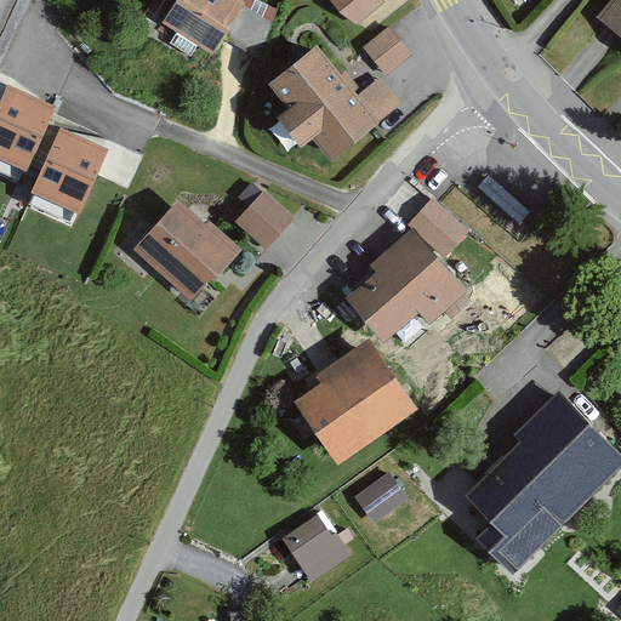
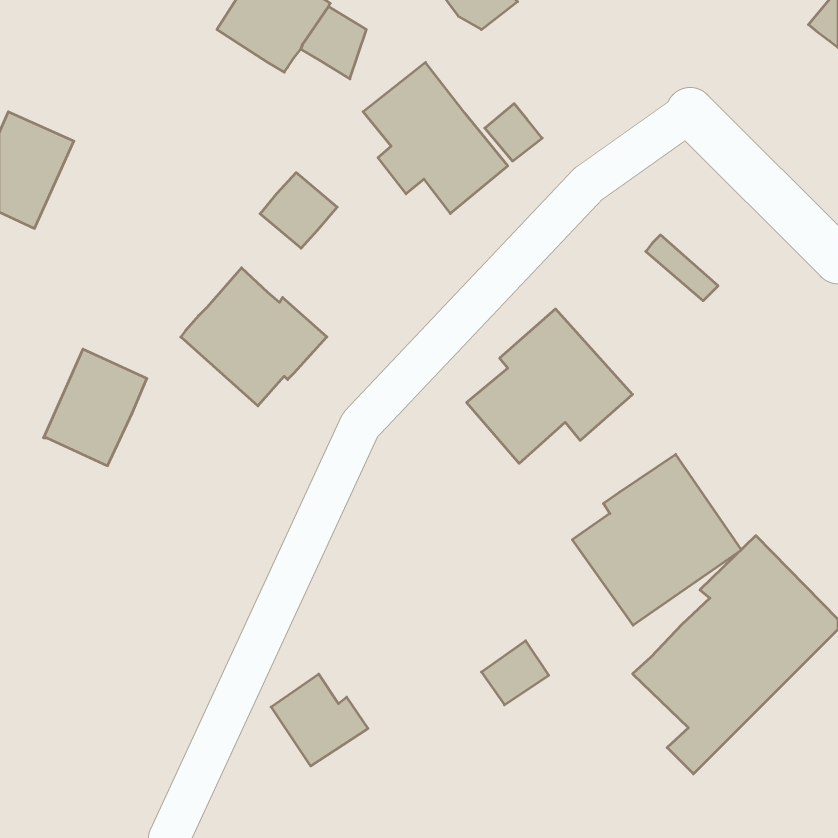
building: [361,25,410,74] -> none
building: [30,126,107,212] -> [43,349,147,466]
building: [237,192,294,247] -> [260,173,337,248]
building: [409,196,468,256] -> none
building: [292,338,417,465] -> [572,454,741,625]
building: [280,514,352,582] -> [271,674,368,766]

